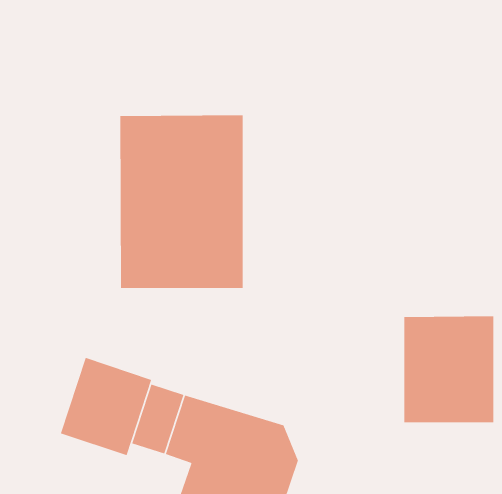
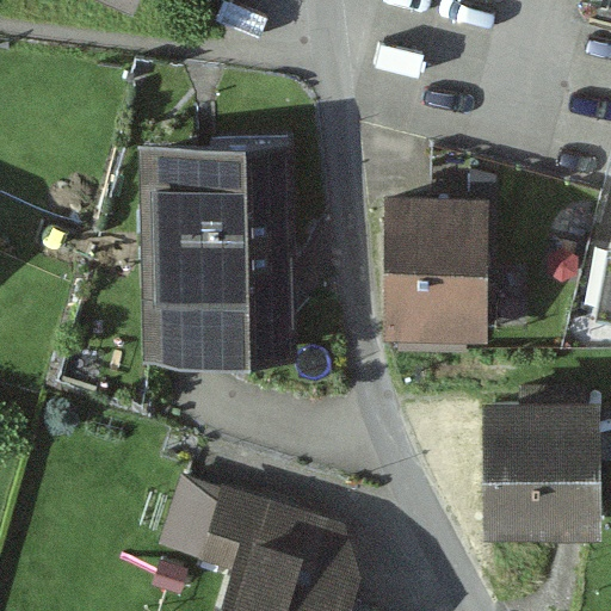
building: none -> [388,203,487,341]
building: [60,357,152,456] -> none

